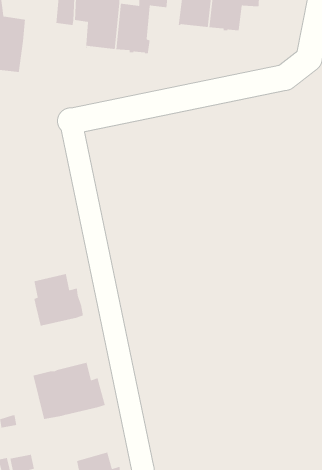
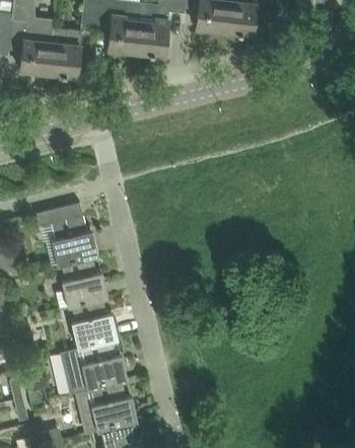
building: none -> [48,29,81,78]
building: none -> [37,204,97,267]
building: none -> [70,300,118,349]
building: none -> [90,383,137,433]

